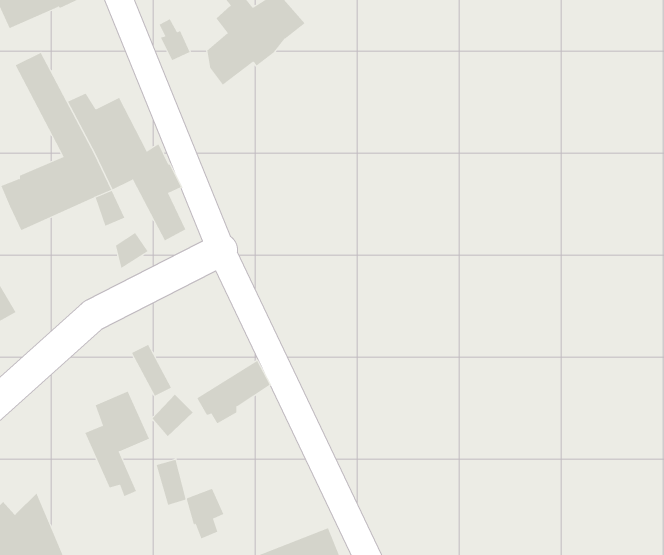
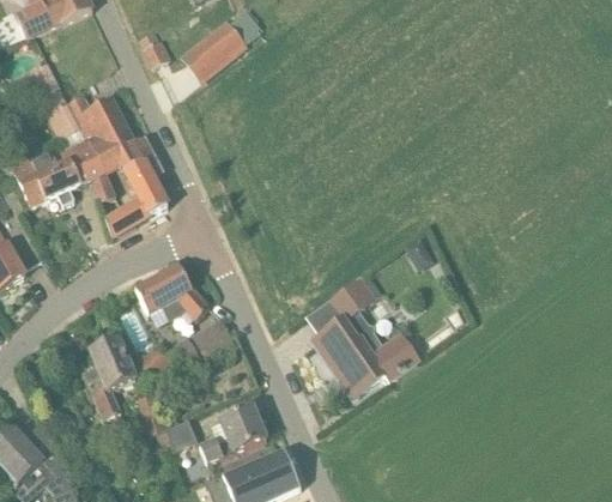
building: none -> [135,266,208,319]
building: none -> [311,276,420,397]
building: none -> [198,406,265,464]

